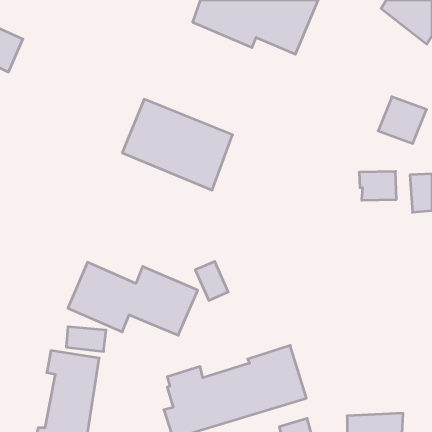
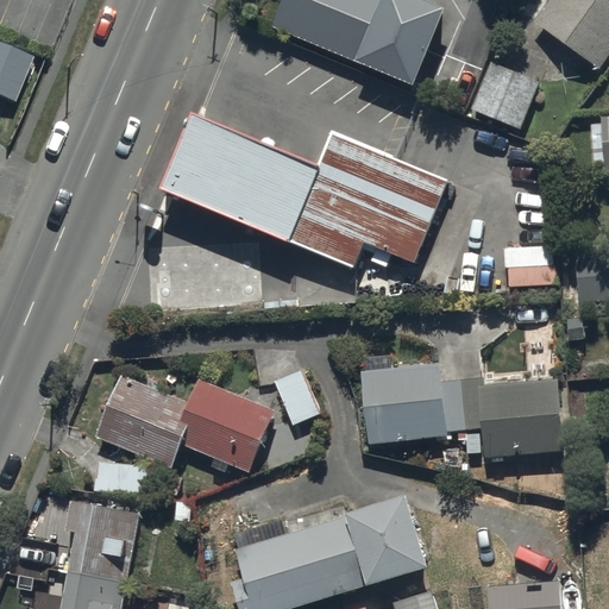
building: [378,97,427,143] -> [470,63,538,128]
building: none -> [301,156,452,285]
building: none -> [360,360,564,454]

